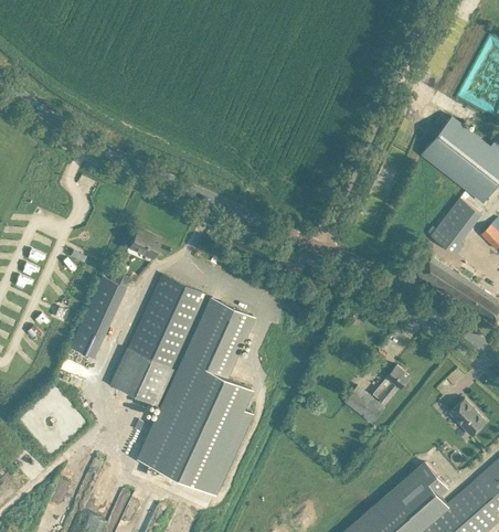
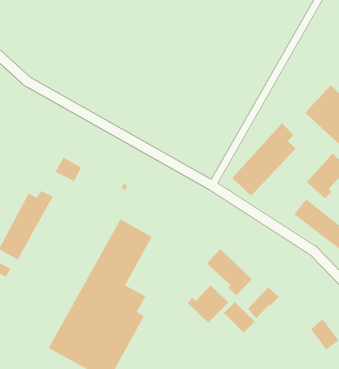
building: none -> [231,123,296,197]
building: [109,275,205,406] -> none
building: none -> [206,248,252,296]
building: none -> [187,285,229,324]

